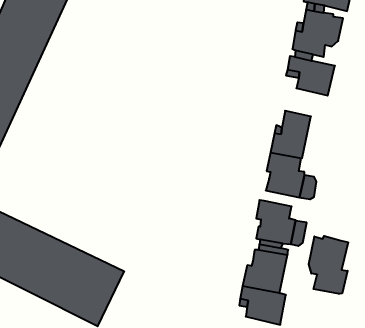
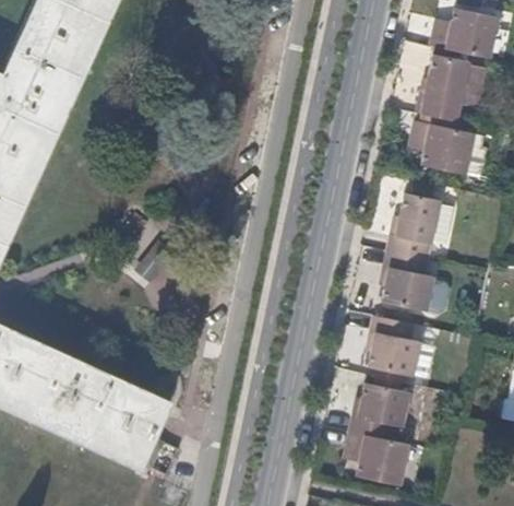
building: [309,236,348,294] -> none

